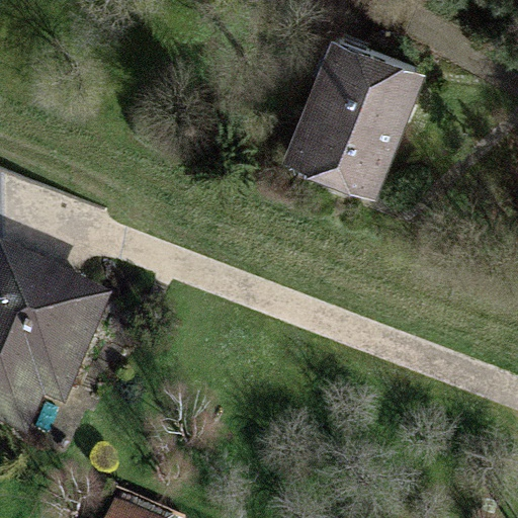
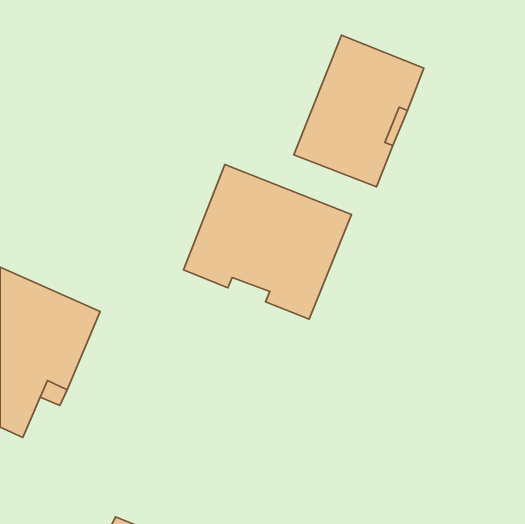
building: none -> [183,164,351,319]

